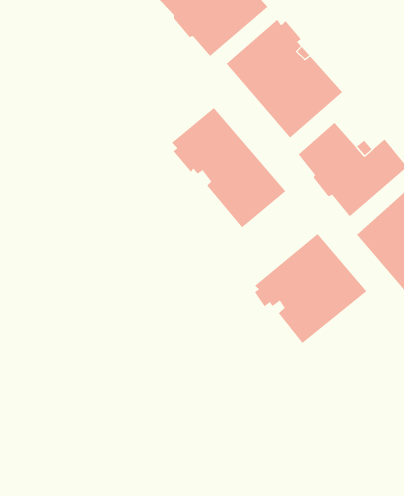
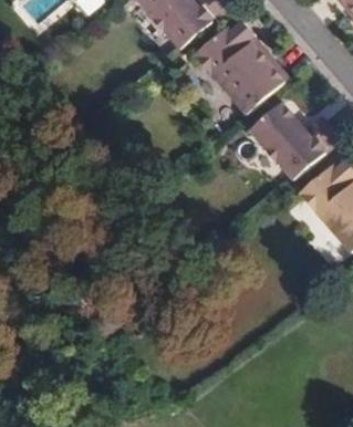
building: [171,107,286,228] -> none
building: [254,233,367,344] -> none

